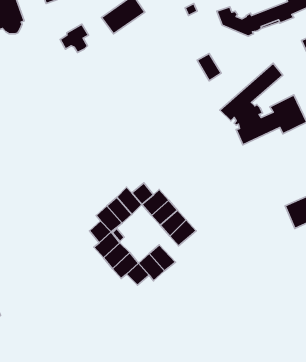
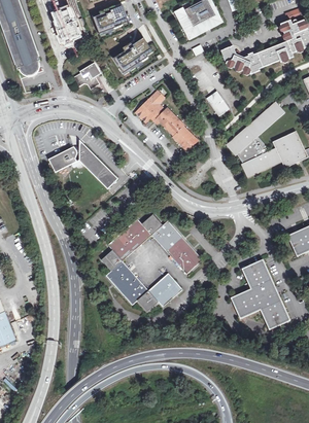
building: none -> [135,90,197,150]
building: none -> [47,139,117,188]
building: none -> [230,258,290,329]

